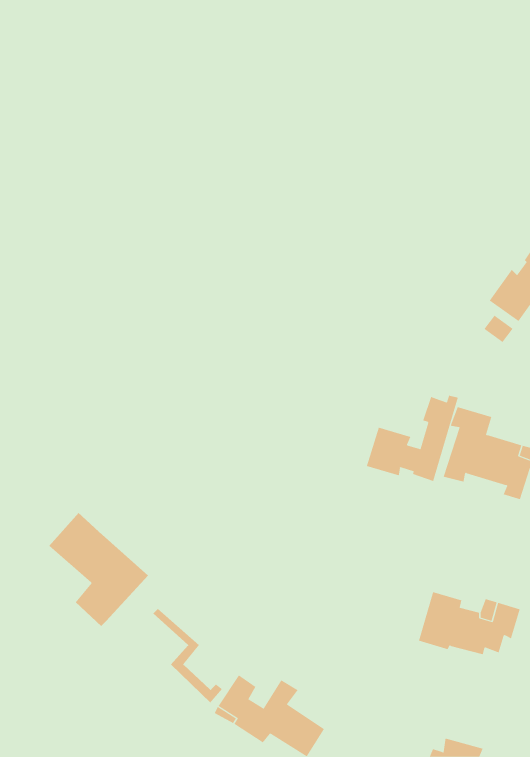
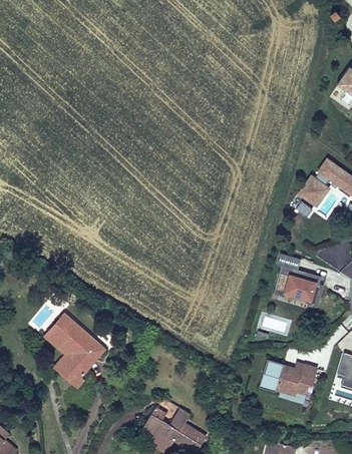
building: [366,395,458,482] -> none
building: [152,608,223,703] -> [45,333,85,387]

